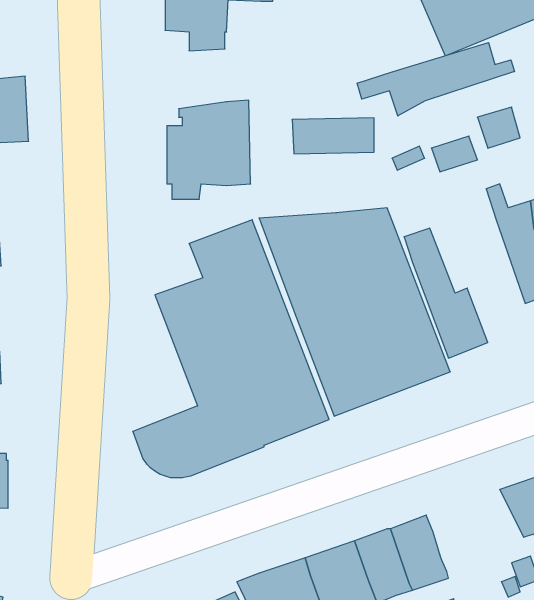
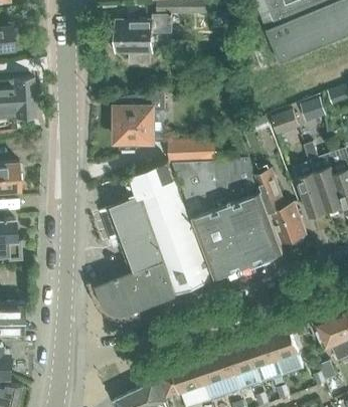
building: [357,43,514,116] -> none
building: [292,118,374,154] -> [167,139,215,160]
building: none -> [294,163,327,217]
building: none -> [269,331,300,374]

